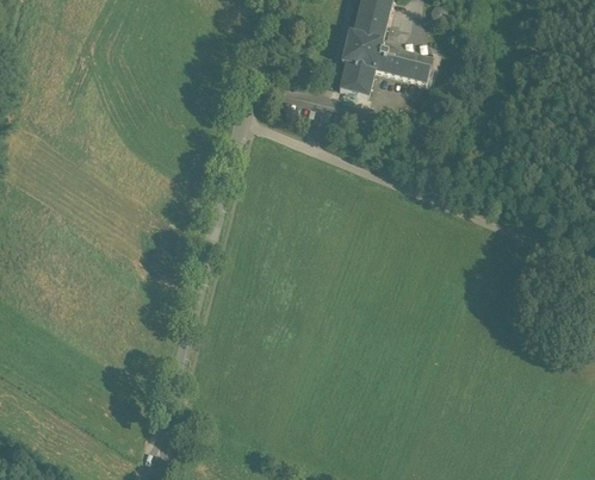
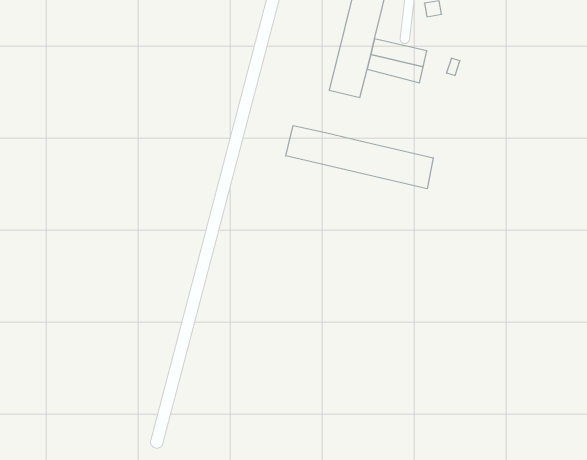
building: none -> [286,126,433,189]

